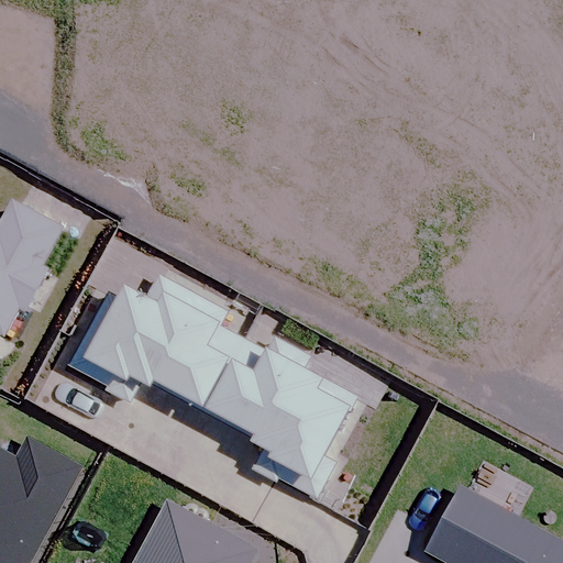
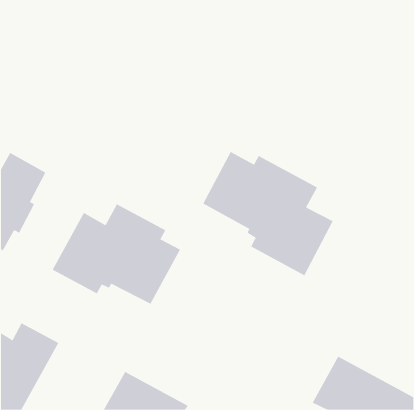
building: none -> [203,151,334,276]
building: [205,338,358,496] -> none

